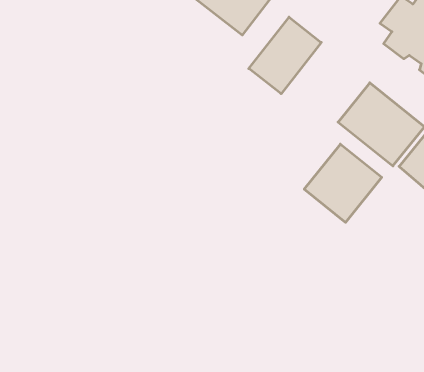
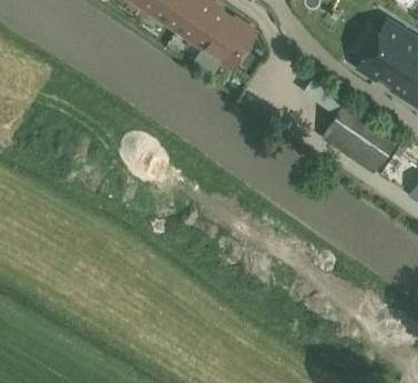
building: [249,17,321,94] -> none
building: [304,144,382,222] -> none

